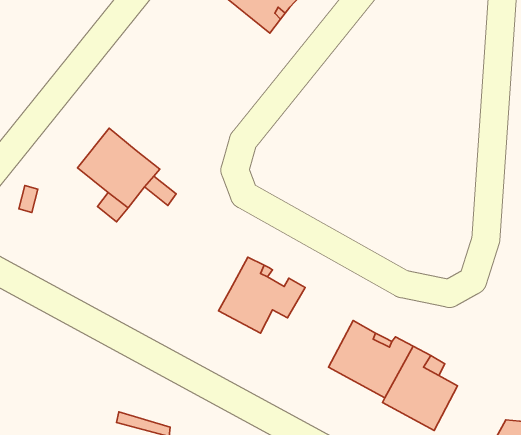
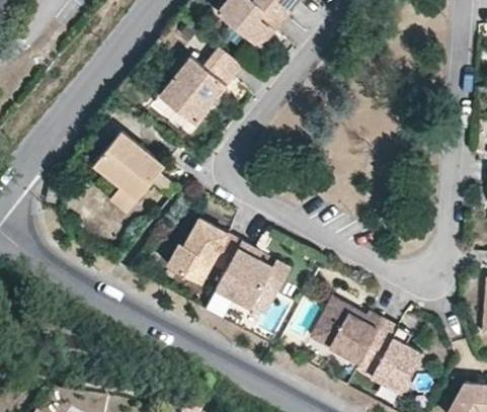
building: none -> [160,48,244,125]
building: none -> [169,219,242,283]

